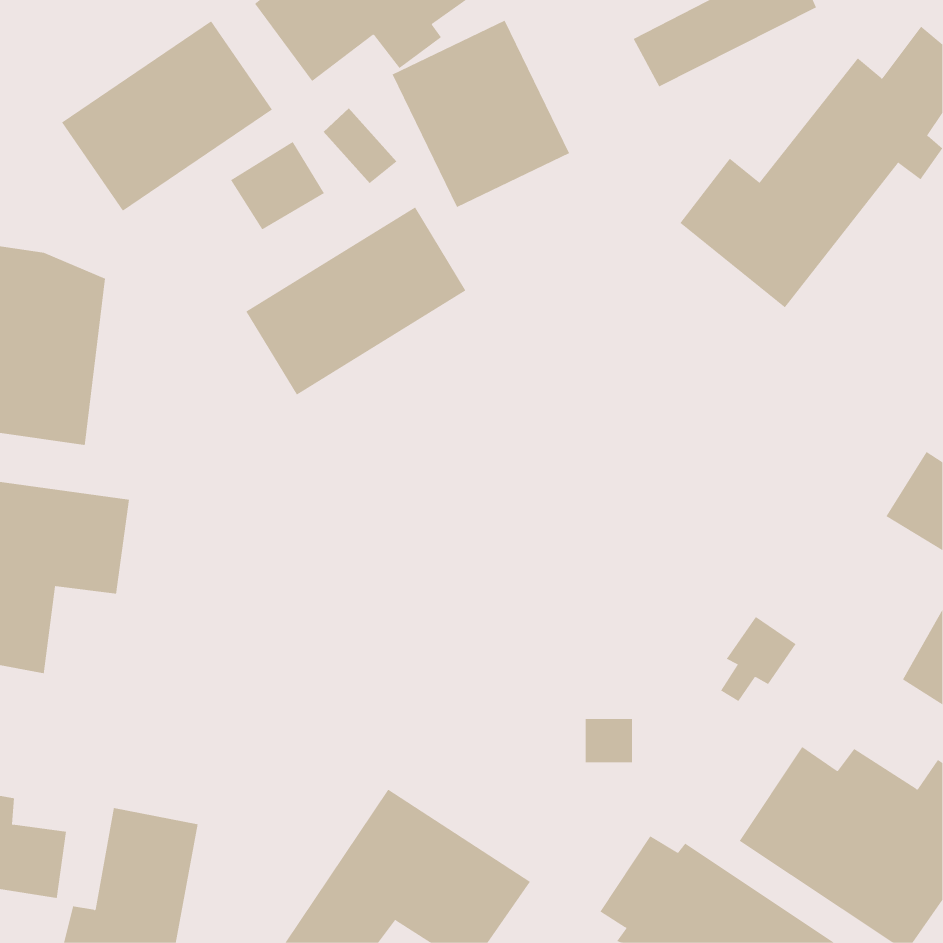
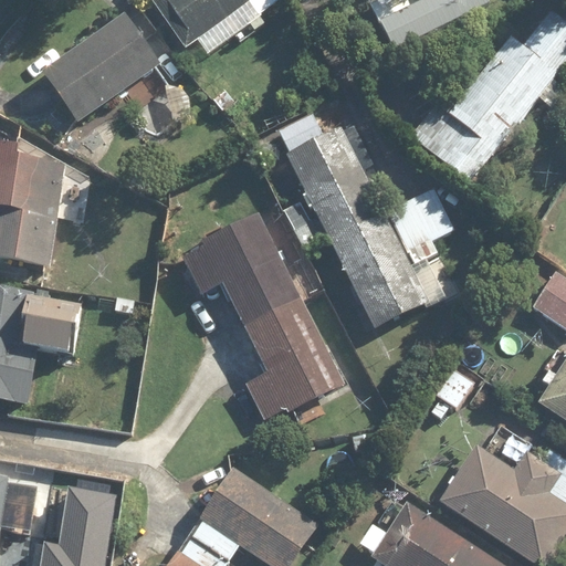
building: [392,20,570,208] -> none
building: none -> [277,117,453,327]
building: [246,206,466,395] -> none
building: none -> [188,217,346,419]

